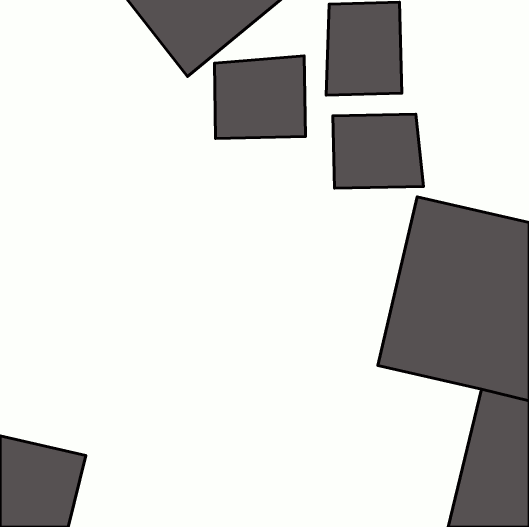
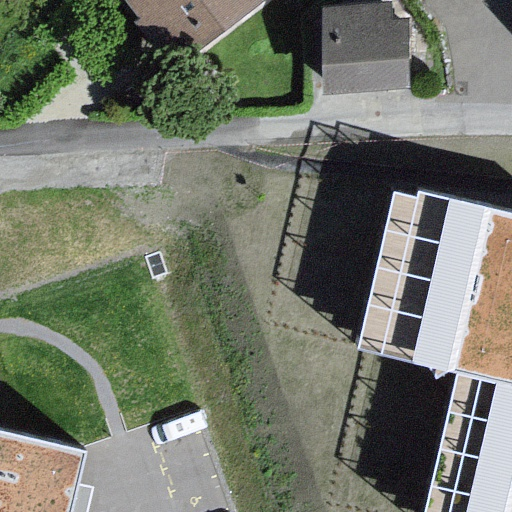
building: [214,56,306,139] -> none
building: [333,114,423,188] -> none

